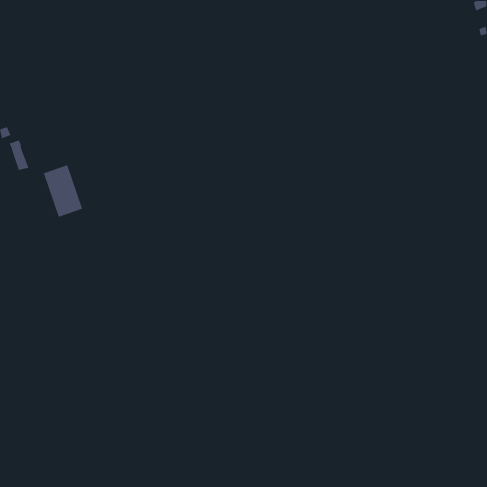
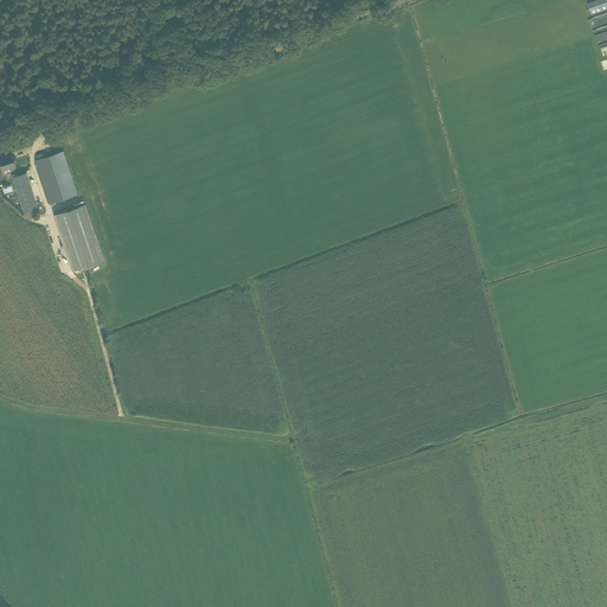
building: none -> [34,153,76,205]

